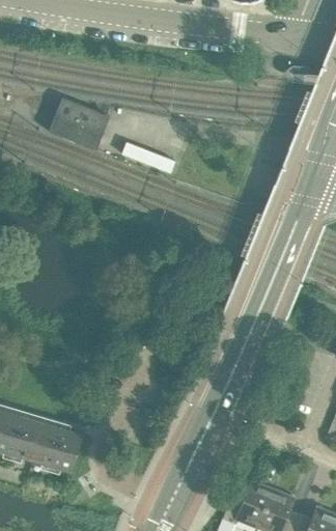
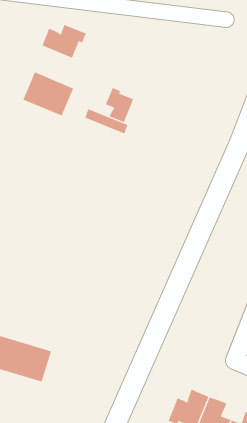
building: none -> [42,24,86,58]
building: none -> [105,87,134,123]

